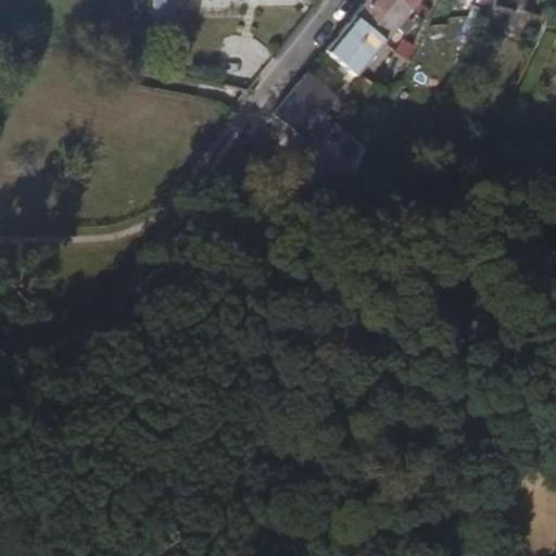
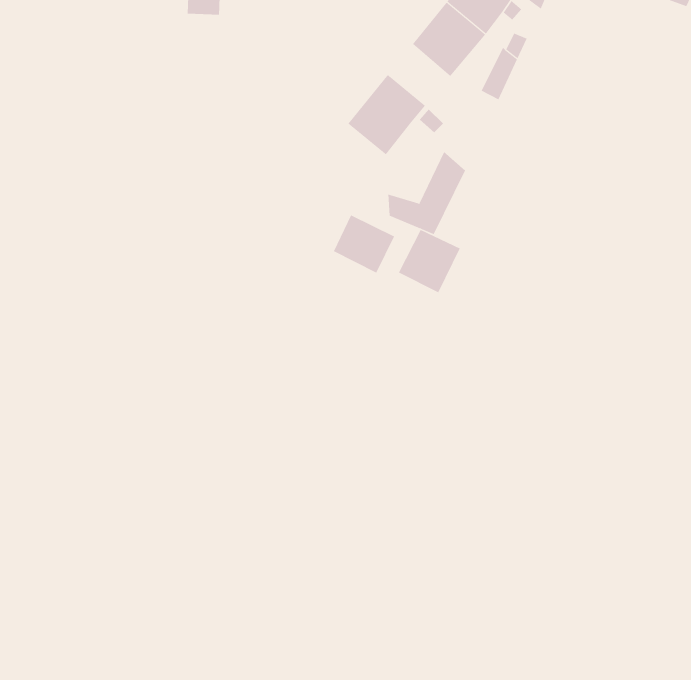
building: none -> [333,215,395,274]
building: none -> [398,229,460,293]

